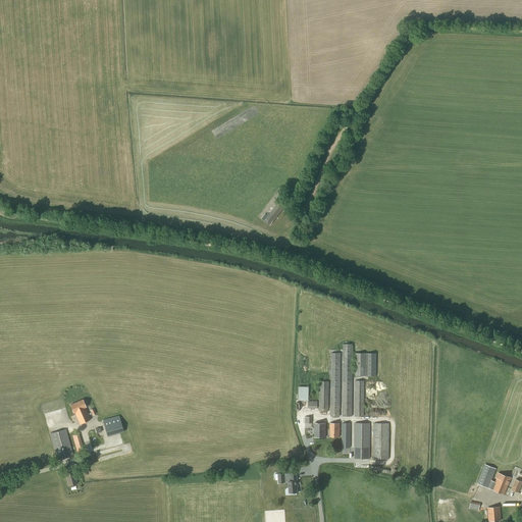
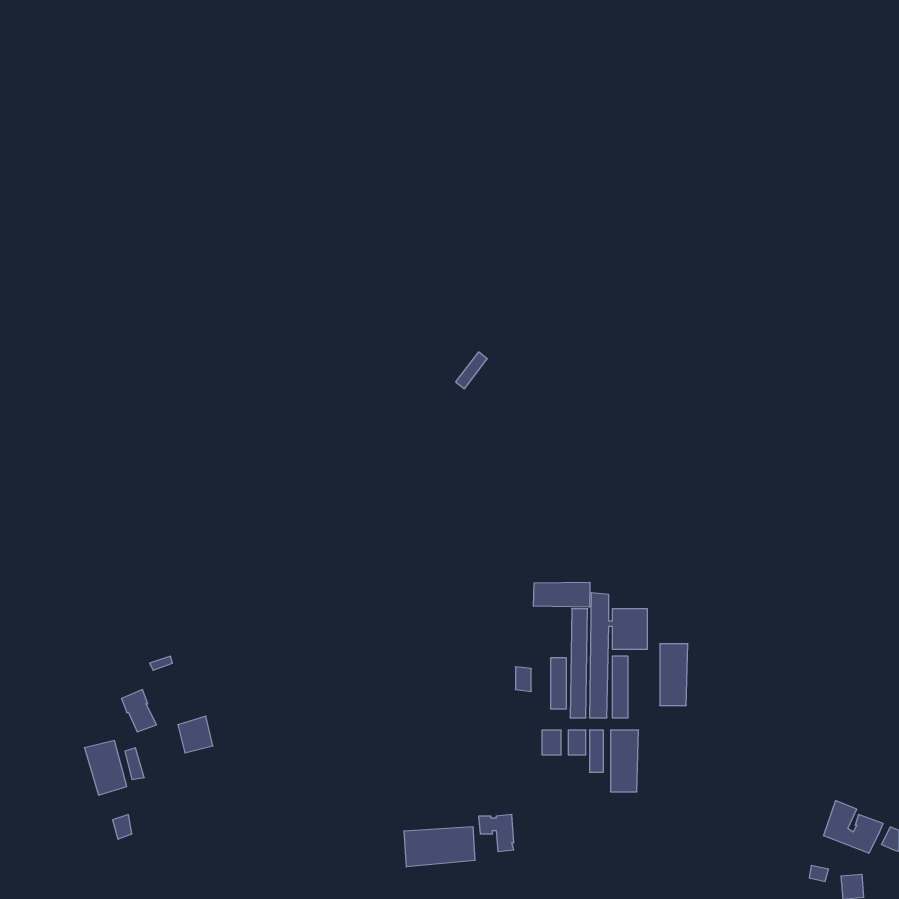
building: none -> [534,582,590,607]
building: [373,423,389,459] -> [660,644,688,705]
building: none -> [404,827,475,867]

